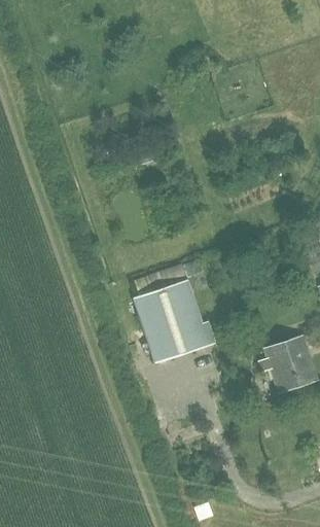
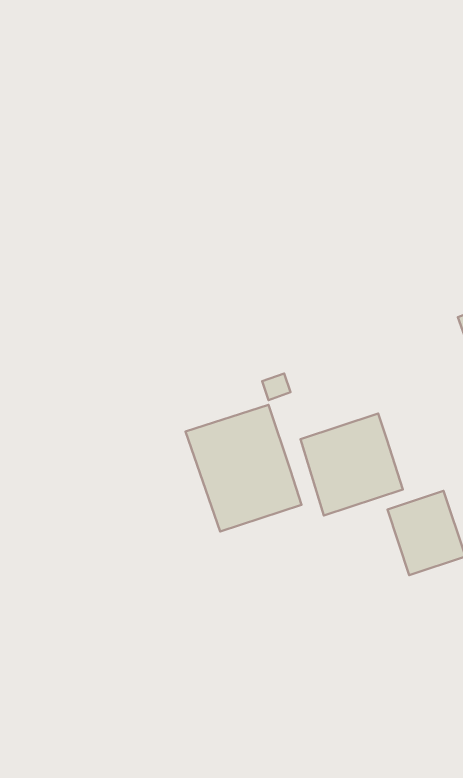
building: none -> [301,414,403,516]

